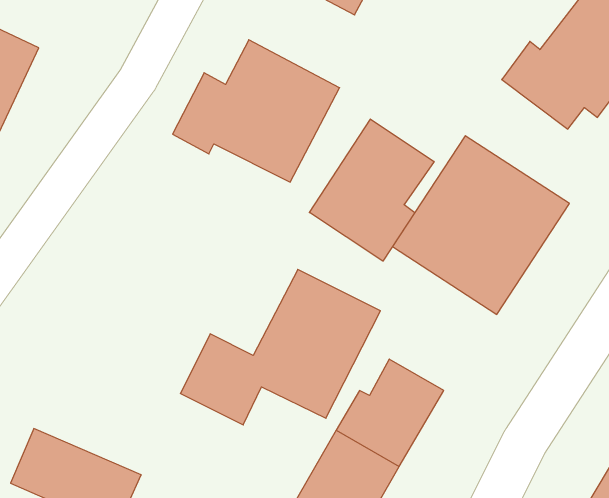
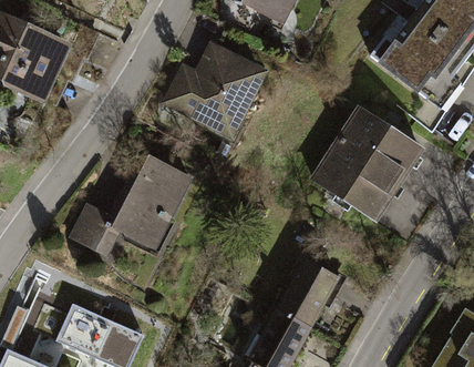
building: [309,119,434,261] -> none
building: [180,269,380,425] -> [65,155,199,259]

